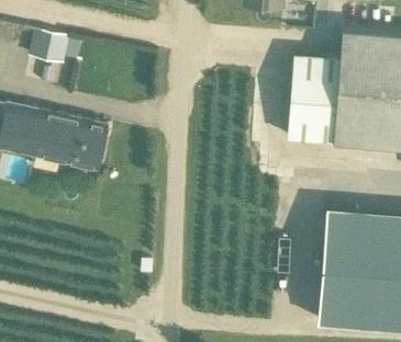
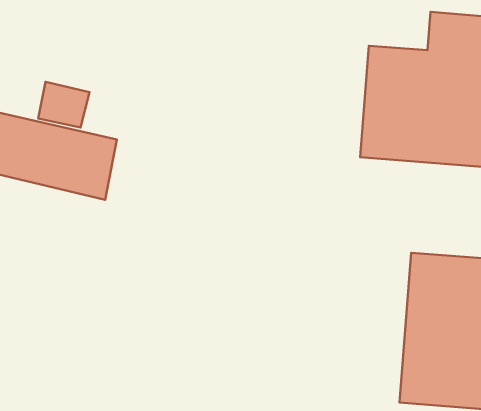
building: [30,31,68,65] -> [38,82,89,127]

